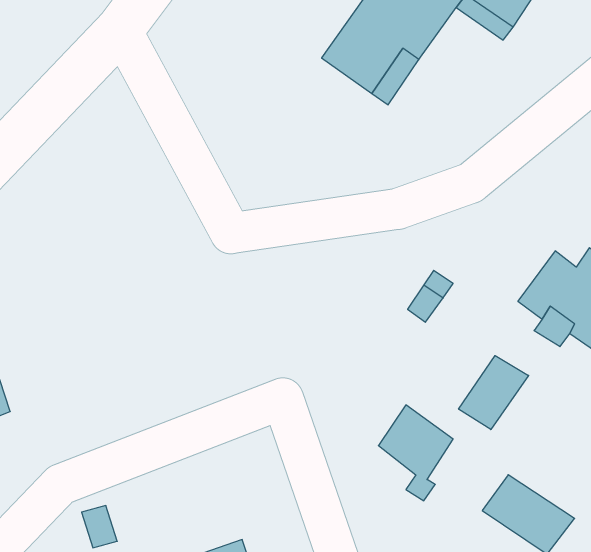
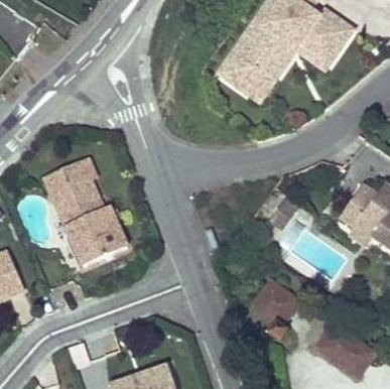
building: none -> [52,164,130,267]
building: [459,356,529,430] -> none

